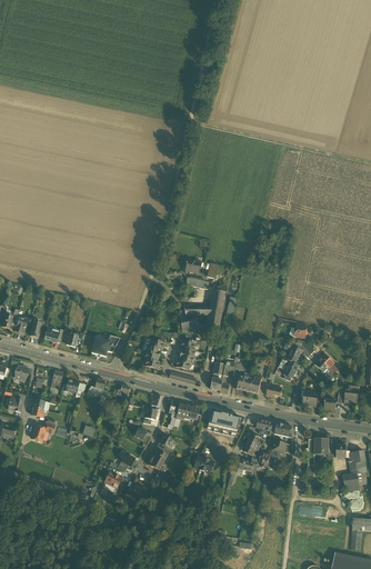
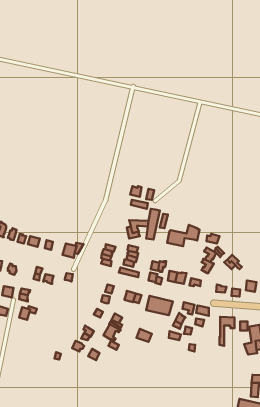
building: none -> [167,225,200,246]

